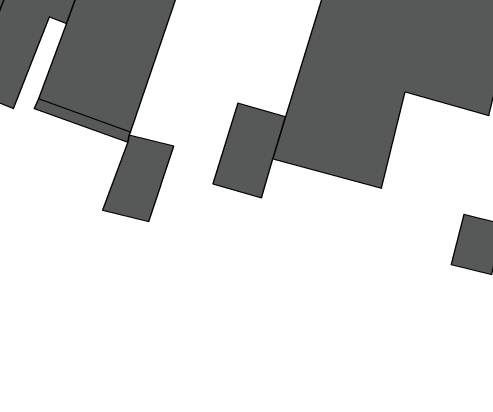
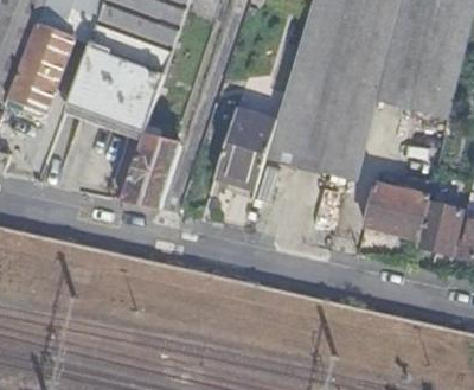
building: none -> [363,174,433,239]

